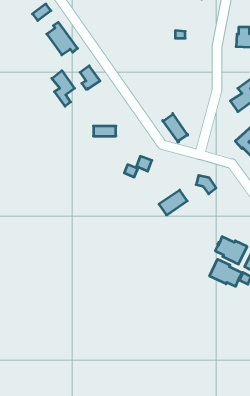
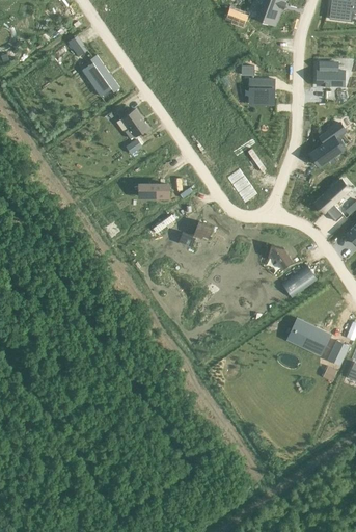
building: none -> [248,79,273,100]
building: [52,71,75,106] -> none
building: [159,190,187,215] -> [281,266,317,297]
building: [210,259,242,286] -> none

